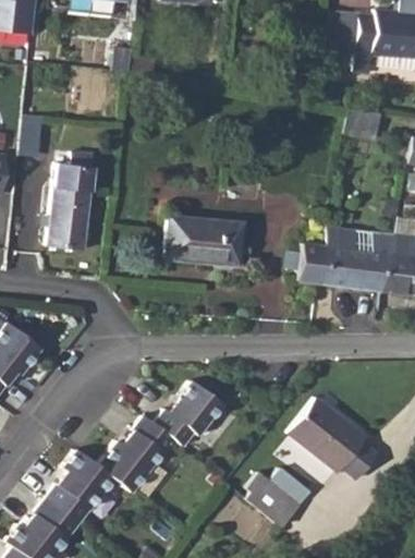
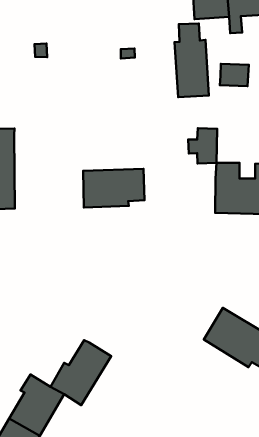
building: none -> [175,23,209,97]
building: [288,241,325,284] -> [188,128,217,163]
building: [151,377,219,442] -> none
building: [252,470,316,526] -> none

